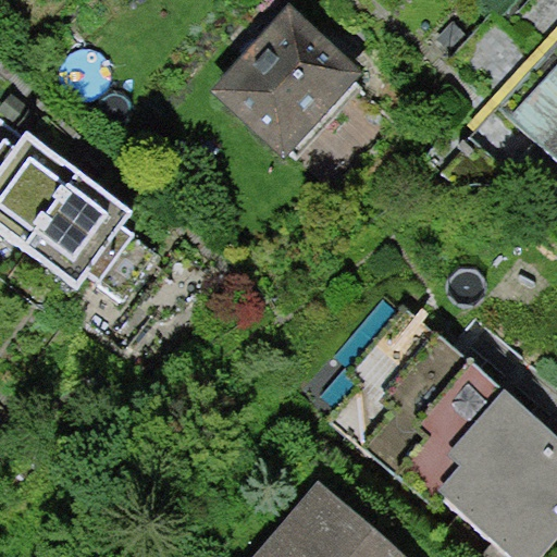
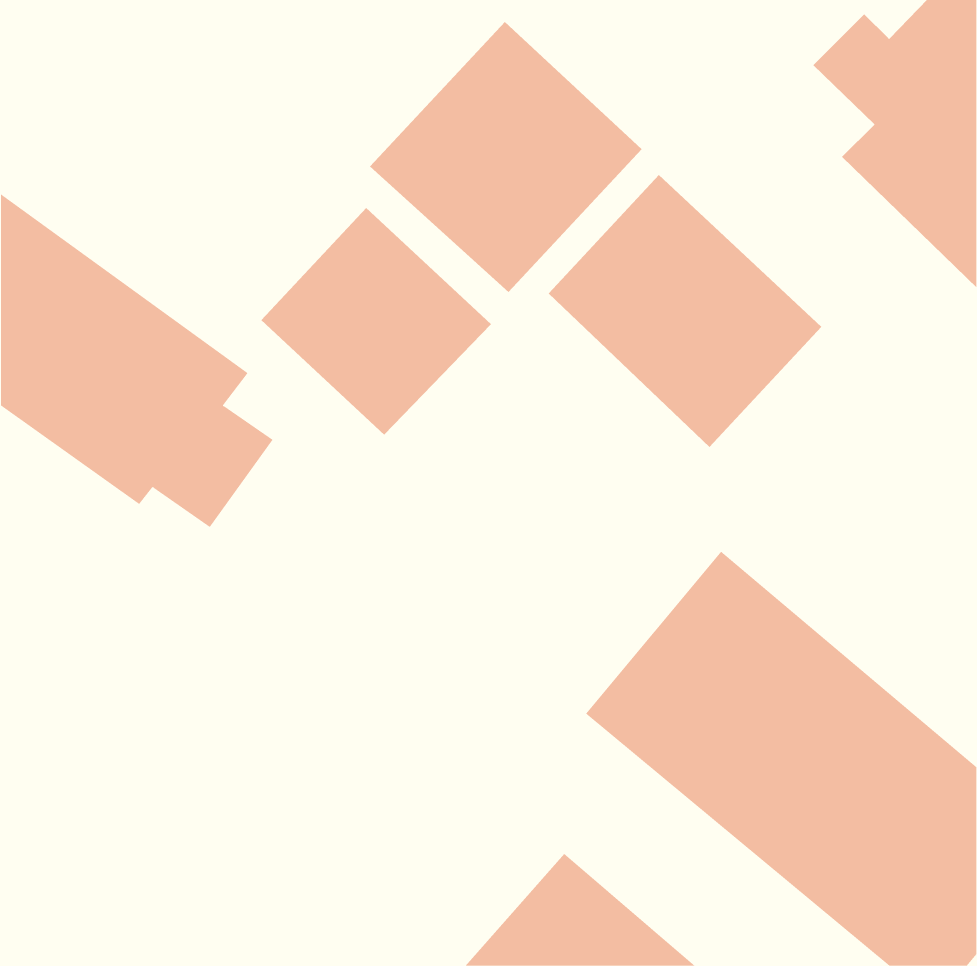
building: none -> [548,174,822,448]
building: none -> [261,207,492,436]

